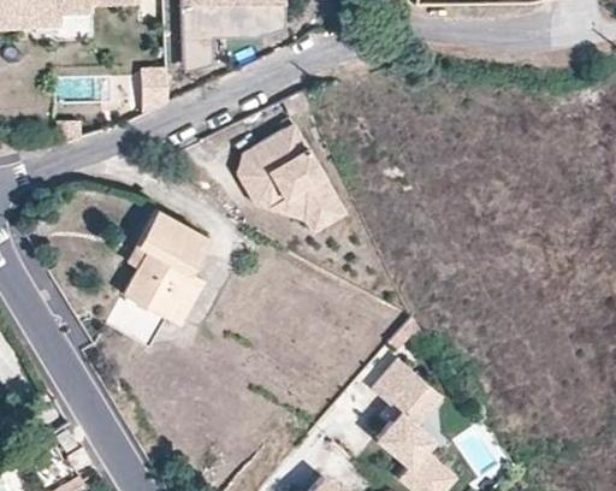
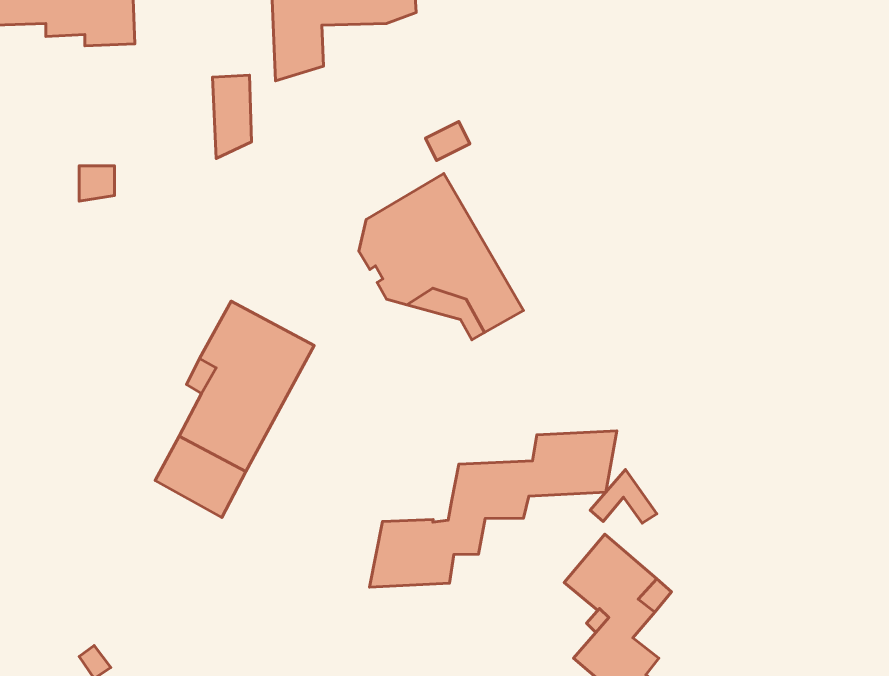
building: none -> [369,431,617,587]

